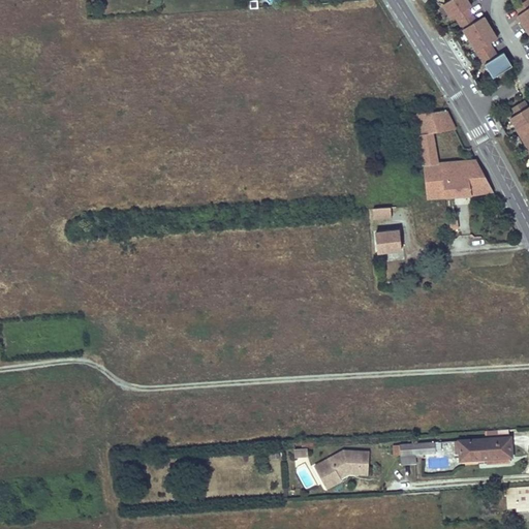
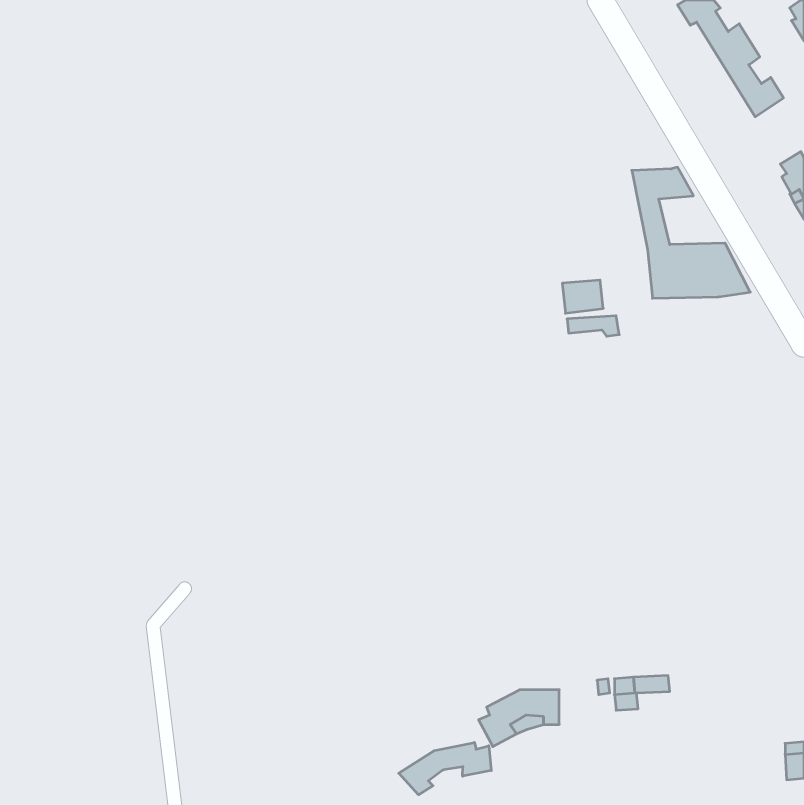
building: [373,231,400,253] -> [562,280,603,313]
building: [462,438,515,461] -> none
building: none -> [399,742,491,795]

